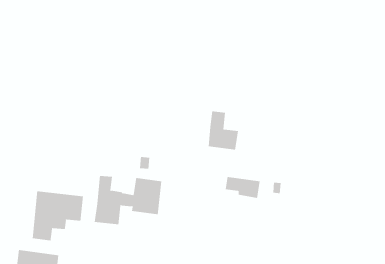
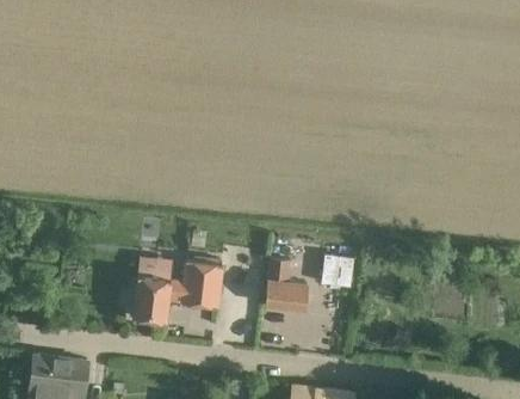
building: [208,111,239,150] -> [266,259,307,311]
building: [32,190,83,242] -> none

